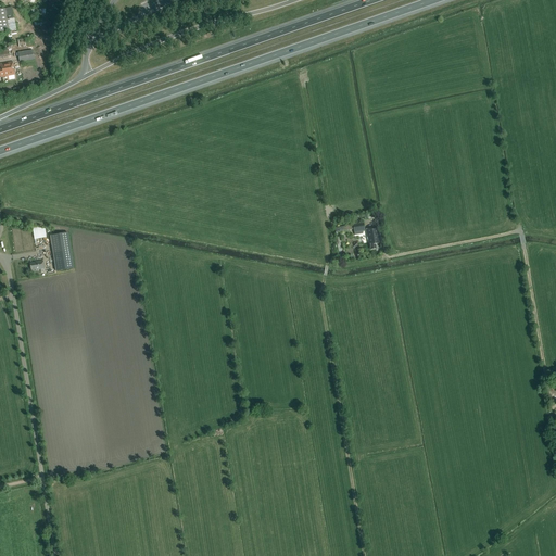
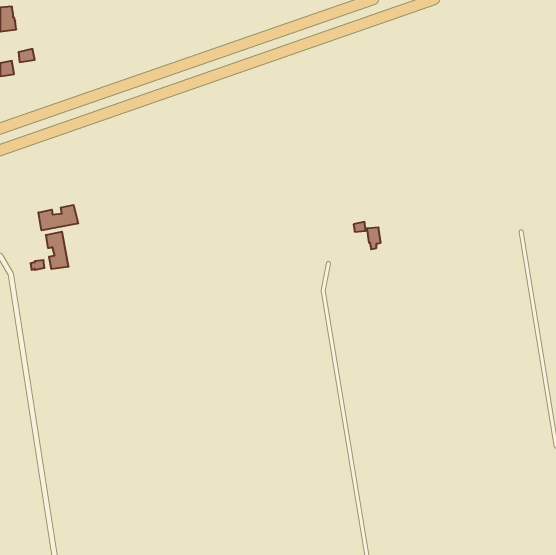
building: none -> [38,205,78,230]

